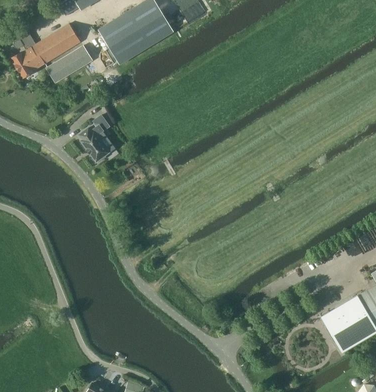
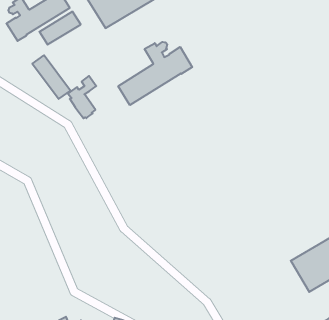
building: none -> [118,42,192,105]
building: none -> [32,55,71,99]

